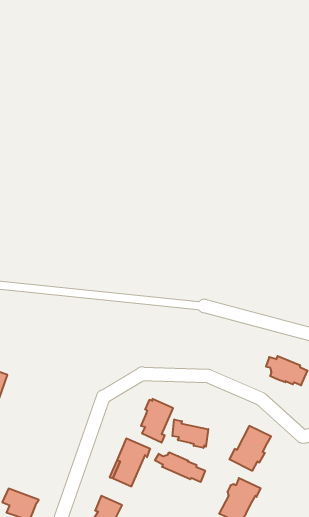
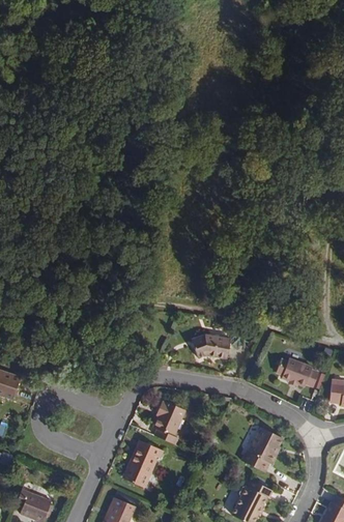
building: none -> [193,334,230,357]
building: [172,419,208,448] -> none
building: [155,452,205,482] -> none

